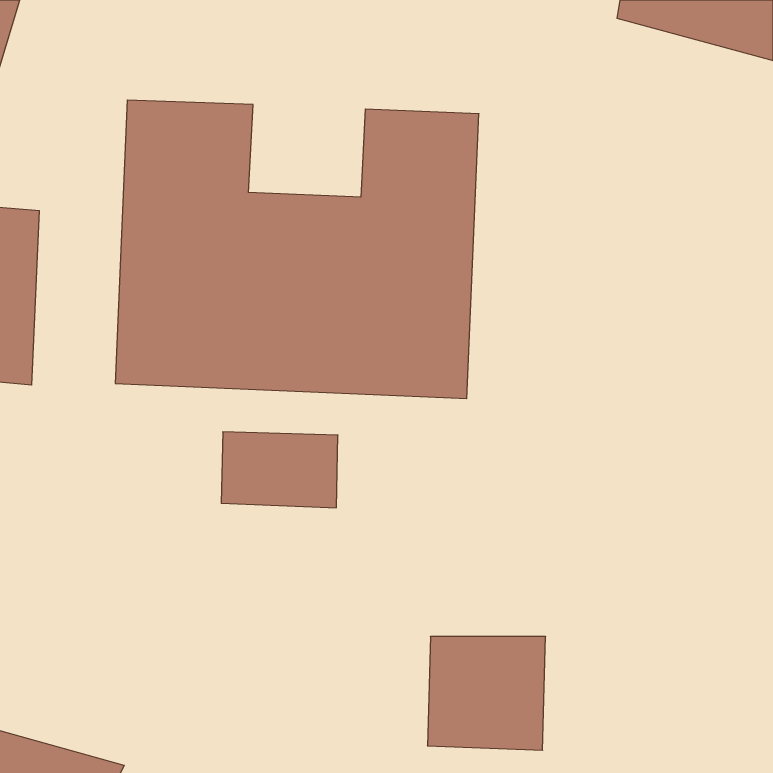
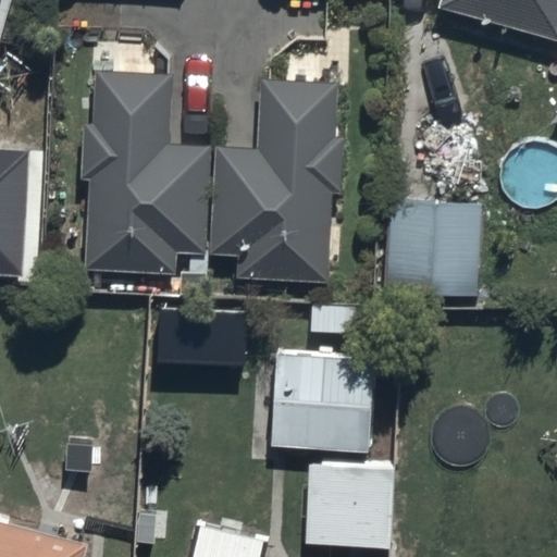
building: none -> [384,191,482,287]
building: none -> [273,347,373,445]

